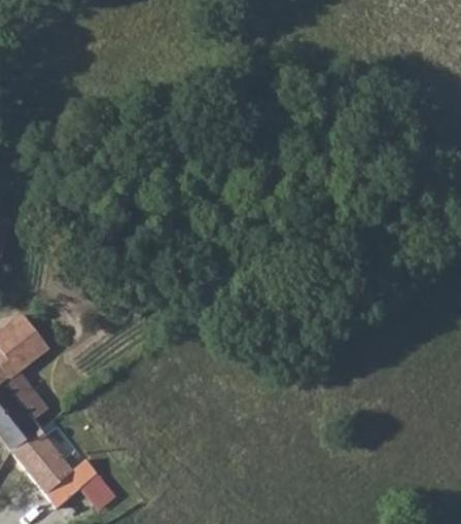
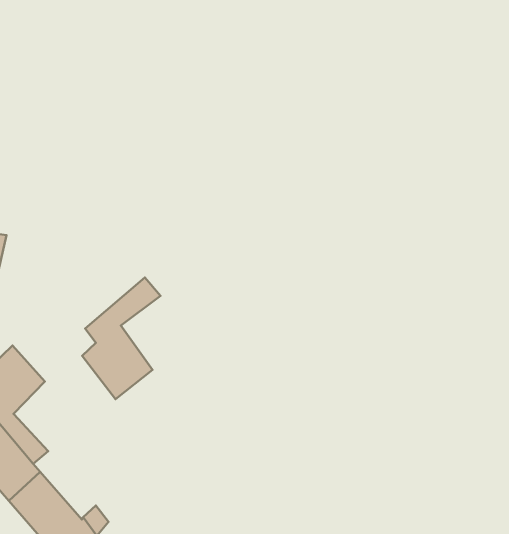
building: none -> [82,278,160,399]

